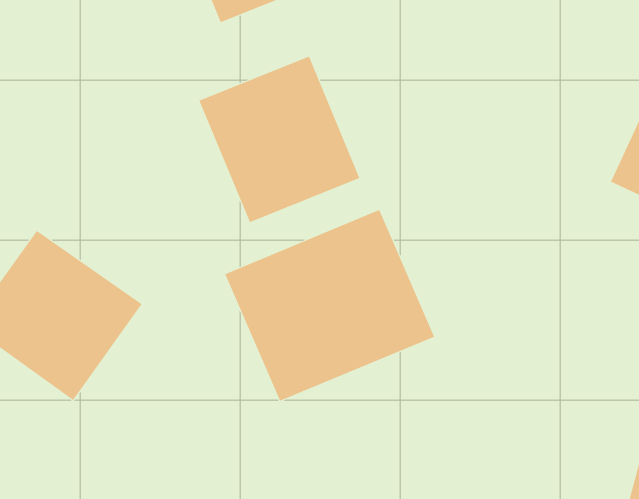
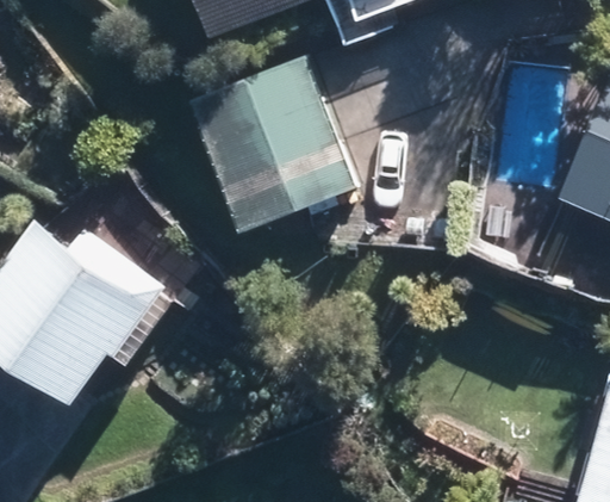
building: [225,209,435,402] -> none

